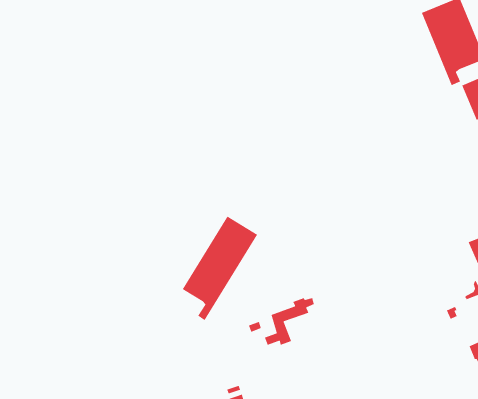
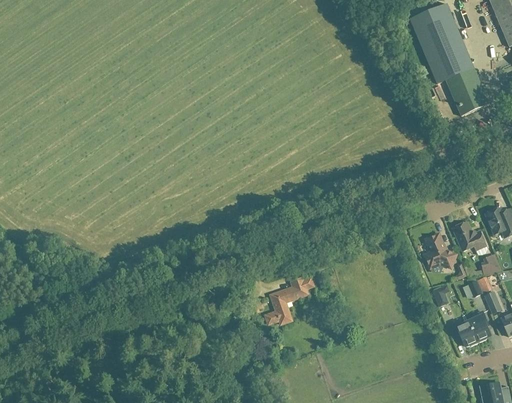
building: [182,216,258,321] -> none
building: none -> [425,234,456,268]

